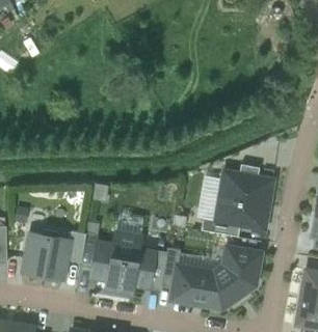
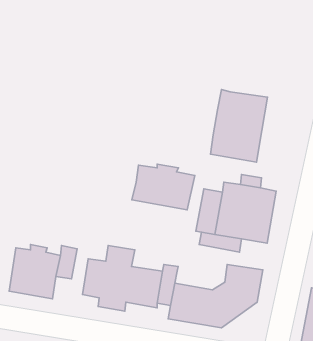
building: none -> [210,89,267,162]
building: none -> [132,164,195,210]
building: [178,246,227,273] -> none

